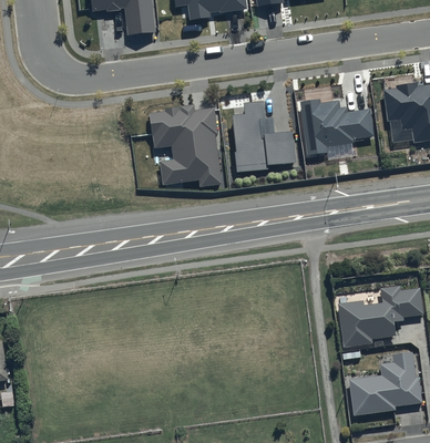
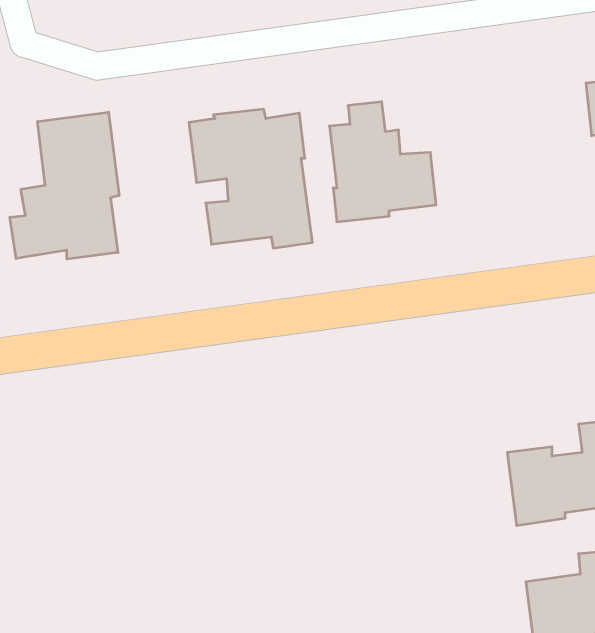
building: [300,96,375,154] -> none
building: none -> [10,112,119,259]

